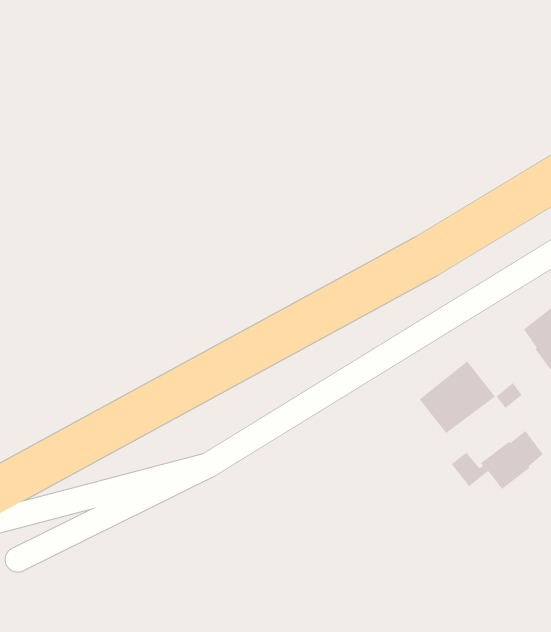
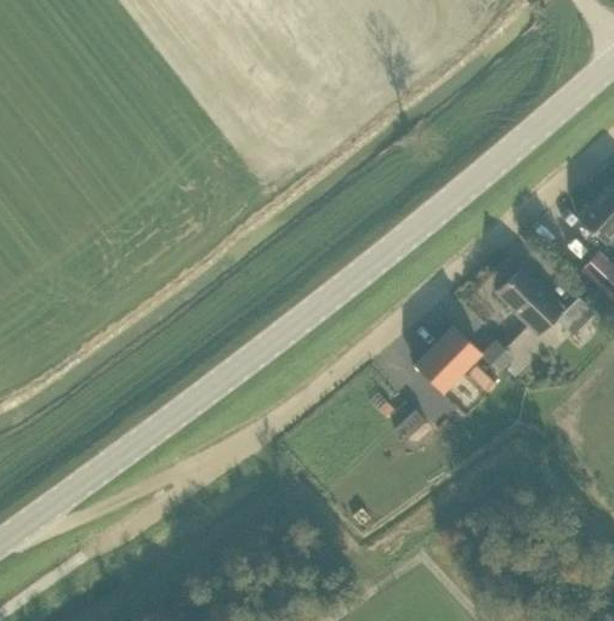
building: [451,430,544,490] -> none

